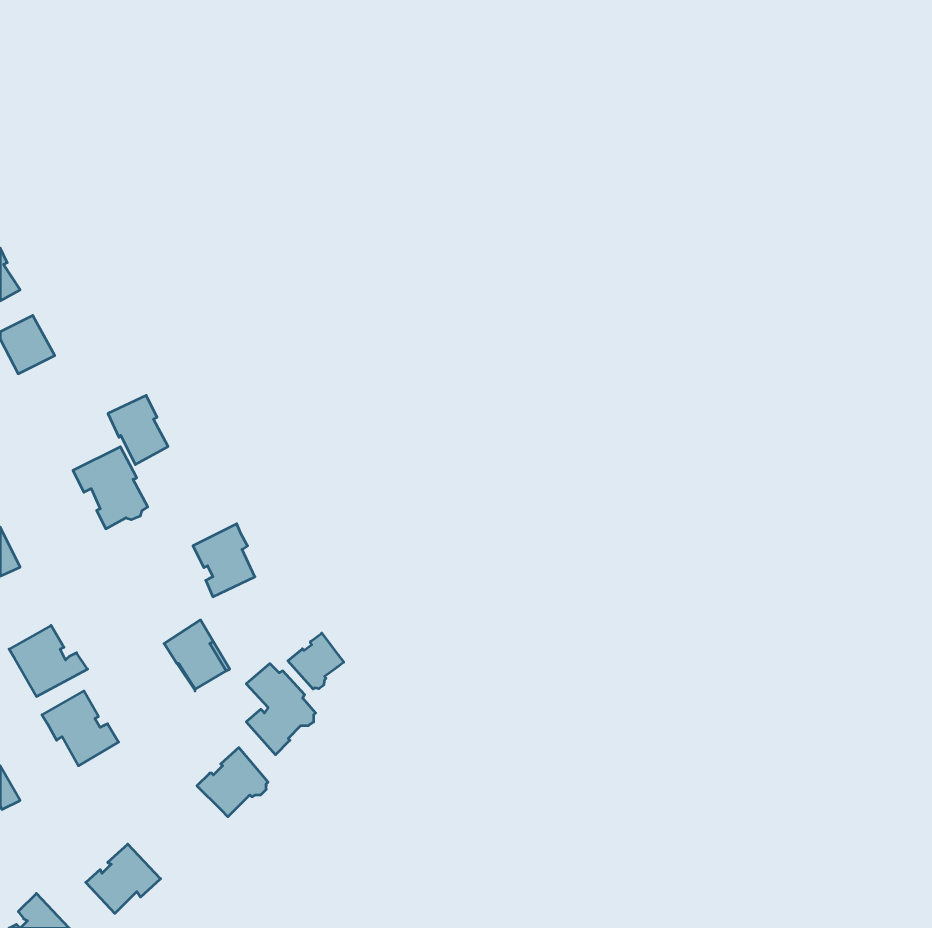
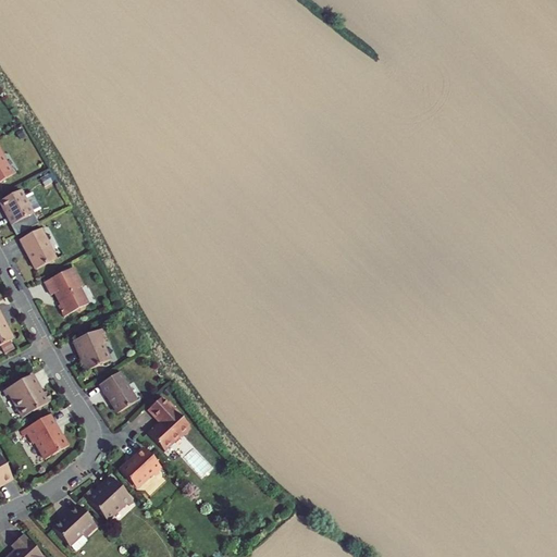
building: [108,395,168,465] -> [18,227,54,269]
building: [193,524,255,597] -> [72,331,109,374]
building: [288,633,344,689] -> none
building: none -> [83,476,129,519]

